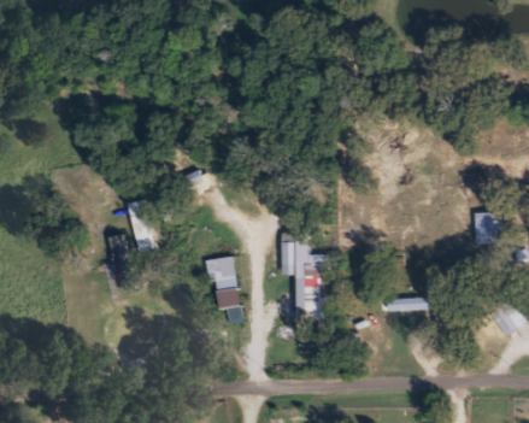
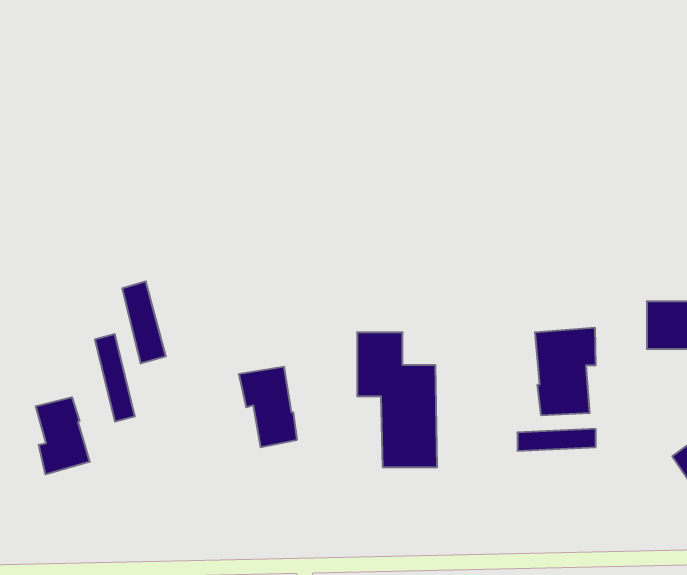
building: none -> [535,328,596,415]
building: none -> [36,397,90,474]

